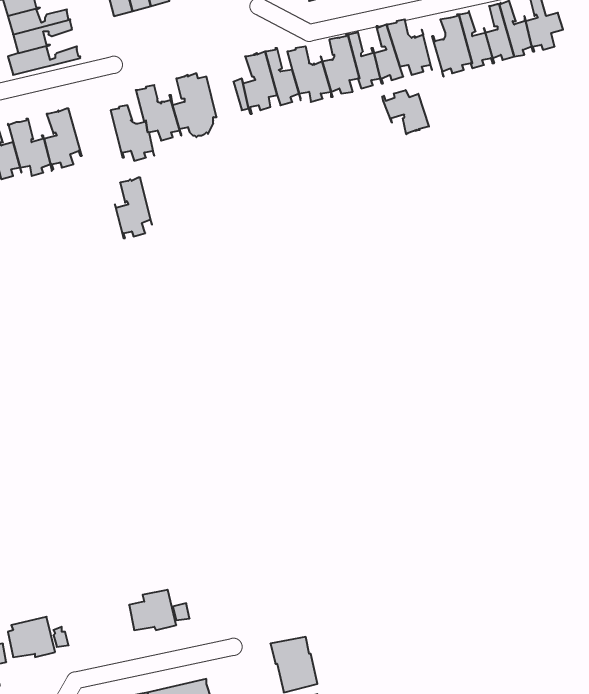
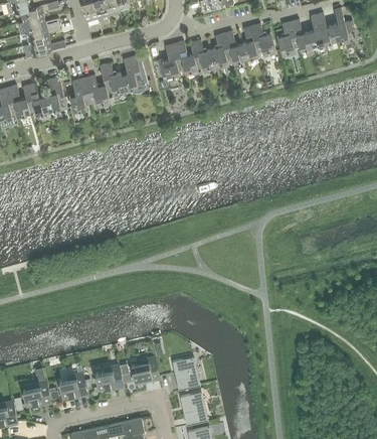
building: [382,90,429,134] -> none
building: [115,178,152,238] -> [68,78,90,114]
building: none -> [131,356,159,381]
building: none -> [172,357,200,391]
building: none -> [58,373,86,397]

